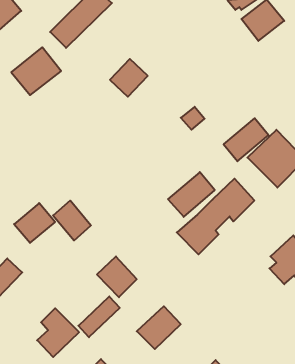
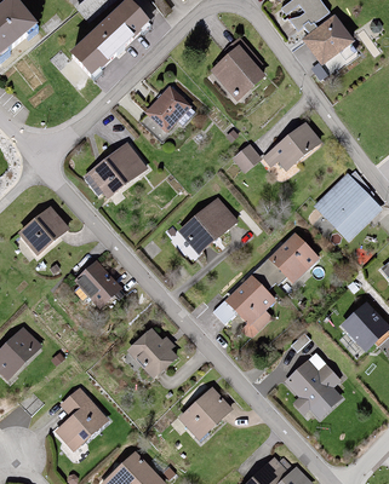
building: none -> [210,42,268,100]
building: [11,47,61,95] -> [86,144,147,202]
building: [224,118,269,161] -> [269,121,324,173]
building: [168,172,215,217] -> [178,196,235,250]
building: [14,203,55,243] -> [17,206,67,254]
building: none -> [281,359,345,425]
building: [78,296,120,337] -> none

